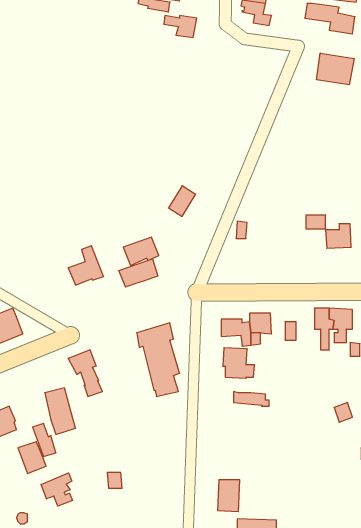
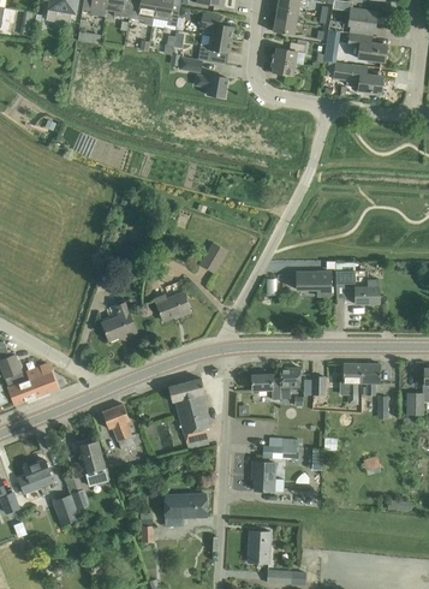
building: [317,53,354,85] -> none
building: none -> [296,272,330,296]
building: [119,259,158,287] -> none
building: [223,348,255,378] -> [251,462,282,492]
building: none -> [165,494,207,524]
building: [41,473,72,506] -> none

